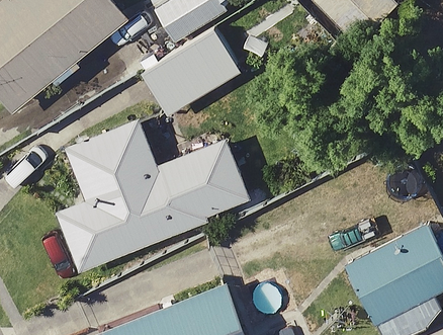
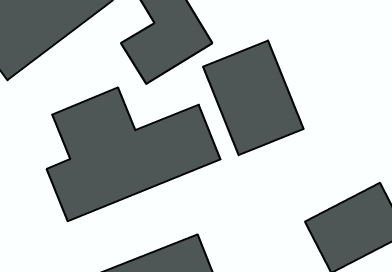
building: none -> [203,40,304,155]

